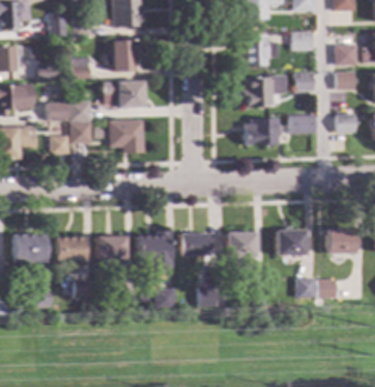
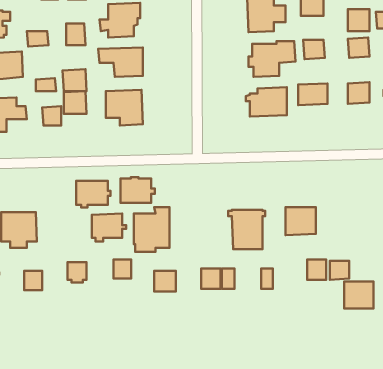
building: [329,227,356,252] -> [344,282,373,308]
building: [181,231,213,255] -> [121,177,155,203]
building: [56,237,88,262] -> [76,181,110,207]

